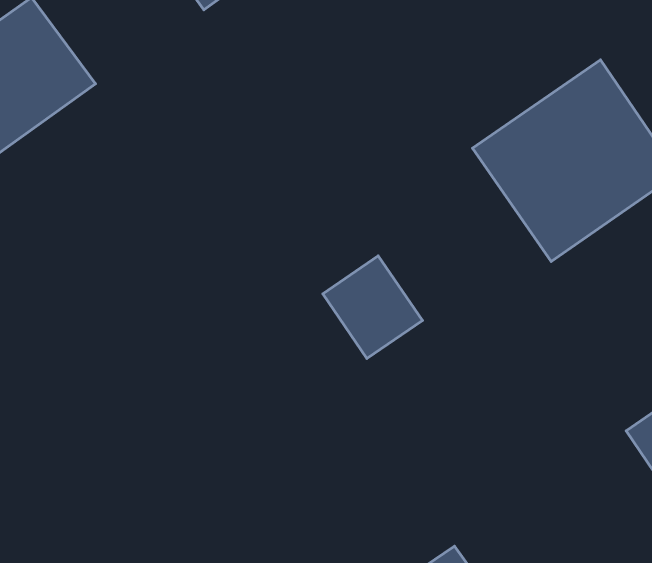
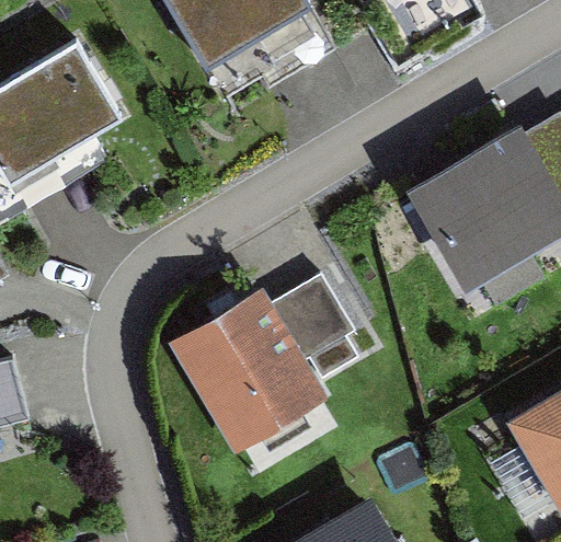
building: none -> [176,293,321,445]

